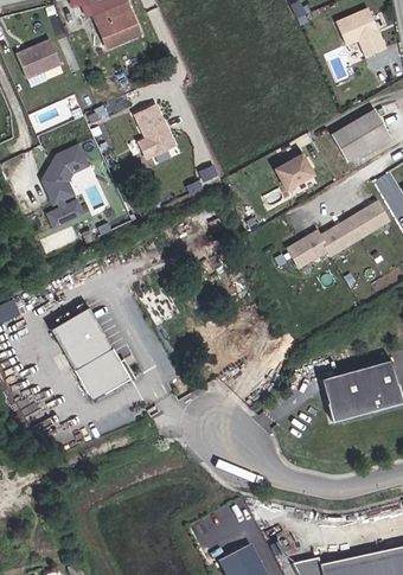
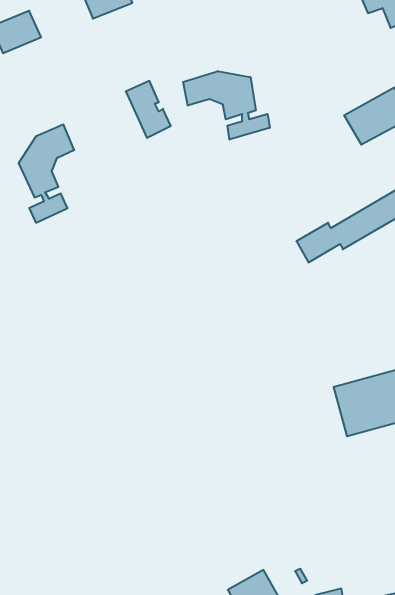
building: none -> [183,71,270,140]
building: [274,155,311,189] -> none
building: [51,307,132,402] -> none

